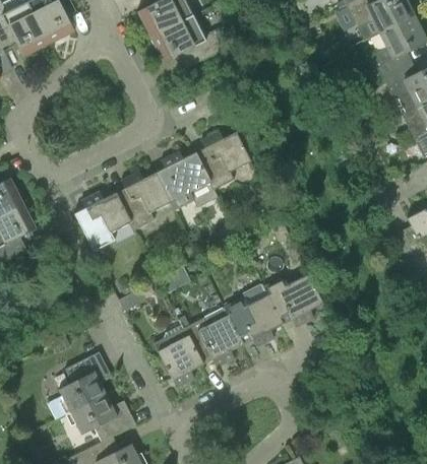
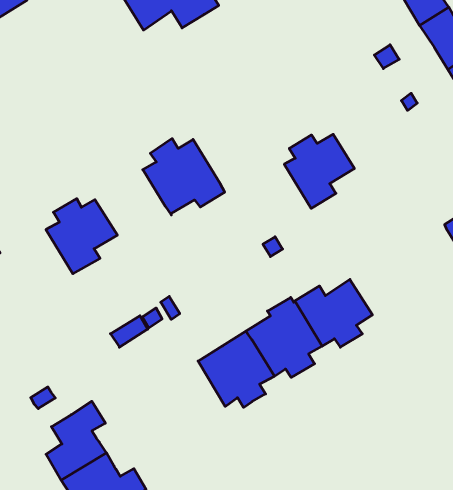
building: [196,131,251,189] -> [284,134,354,208]
building: [115,171,170,229] -> none
building: [155,324,203,387] -> none

